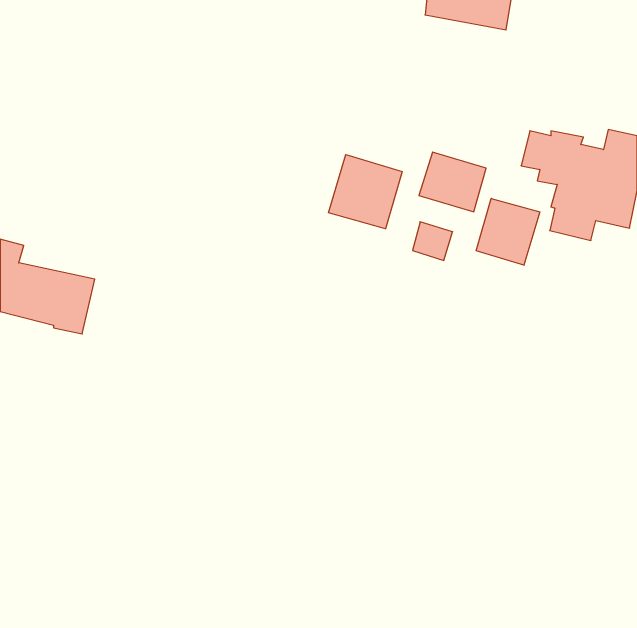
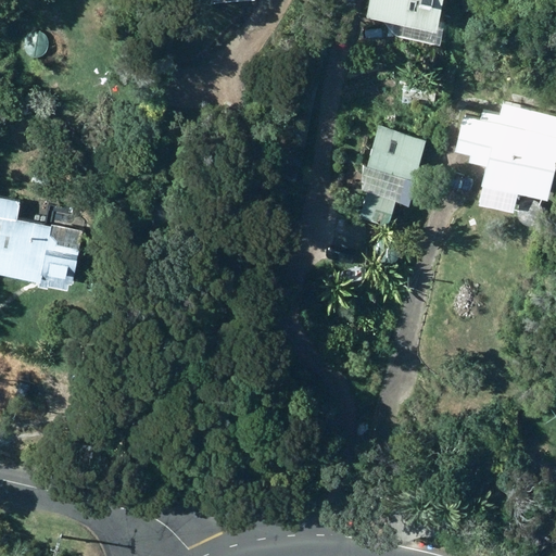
building: [329,155,402,229] -> none
building: [476,198,540,265] -> none

